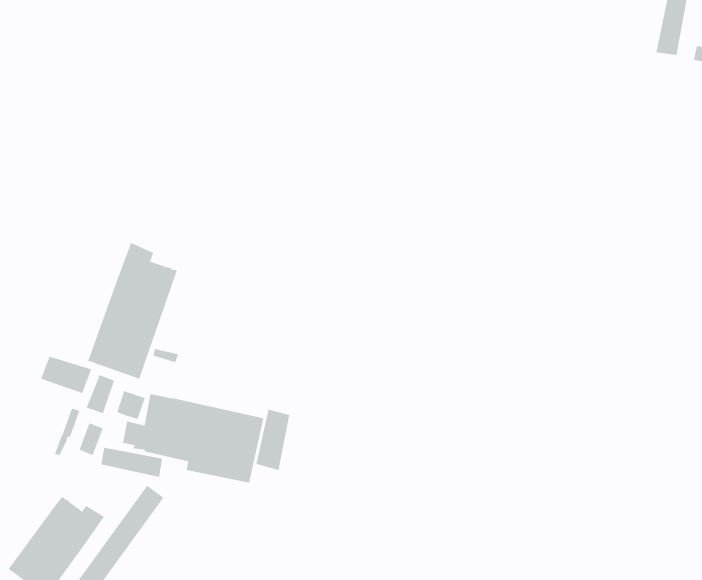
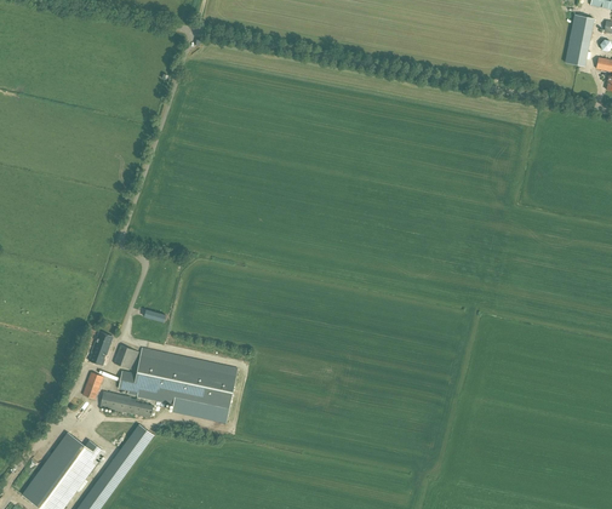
building: [87,242,177,379] -> none
building: [40,356,92,394] -> none
building: [256,409,290,471] -> none

